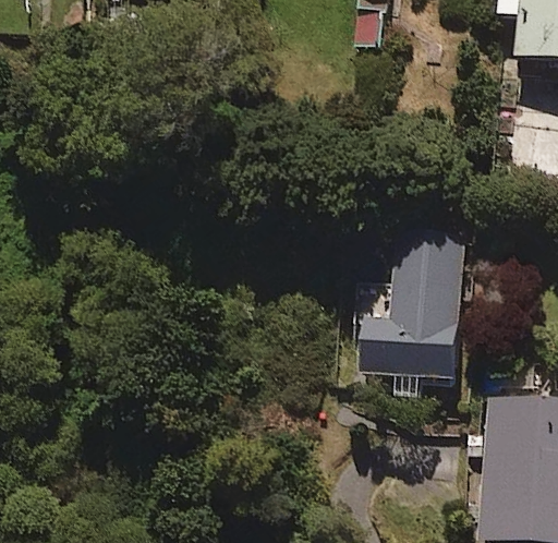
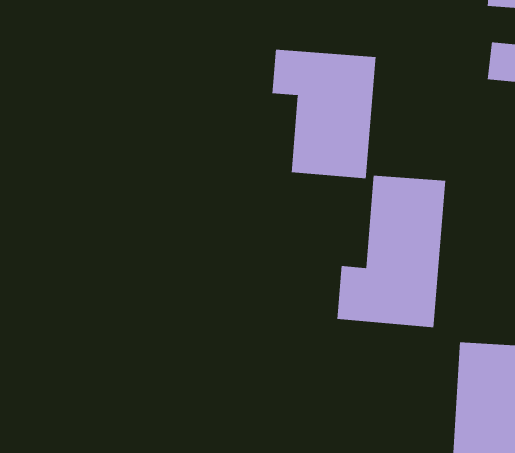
building: none -> [272,49,376,179]

